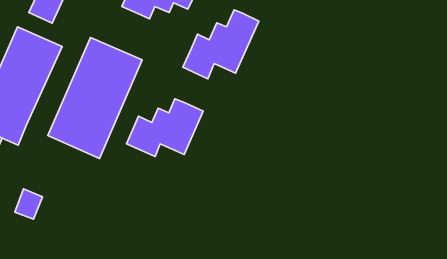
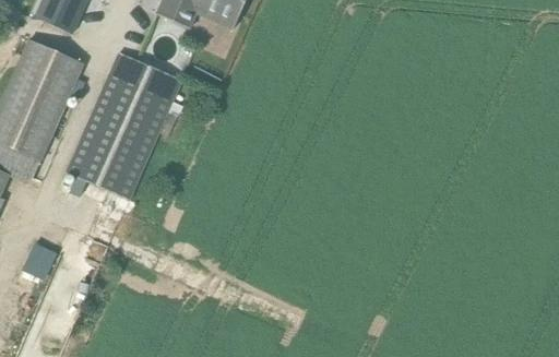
building: [183,10,259,79] -> none
building: [127,99,203,157] -> none

